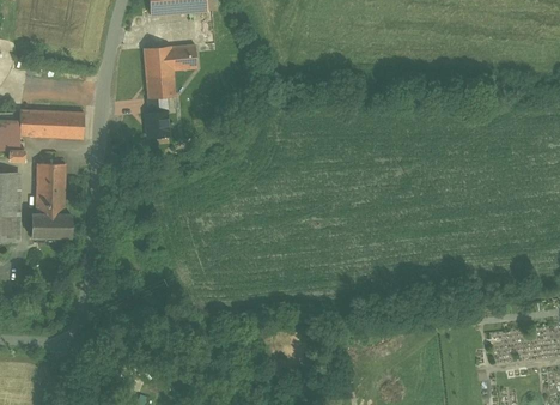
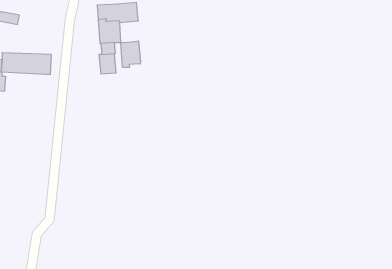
building: none -> [121,41,141,67]
building: [32,163,71,237] -> none

